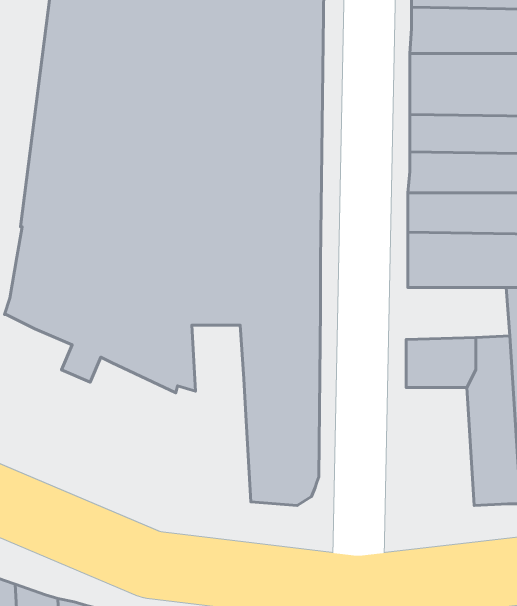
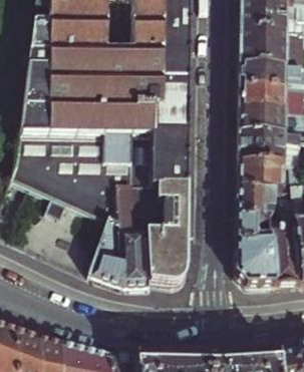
building: none -> [237,164,295,194]
building: none -> [88,185,149,289]
building: none -> [237,221,275,287]

